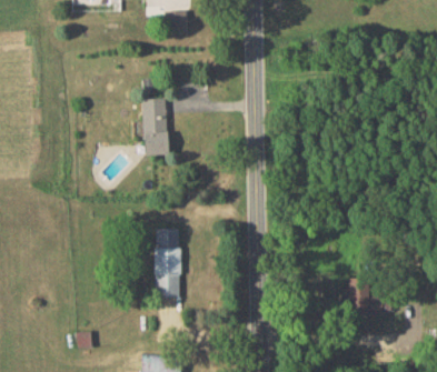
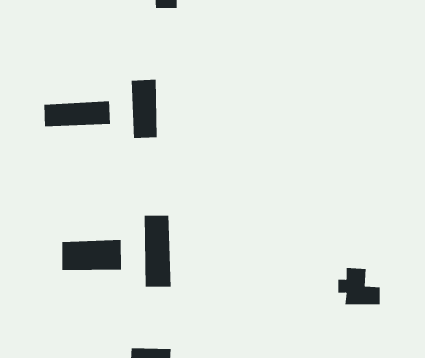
building: none -> [44,100,110,127]
building: none -> [62,239,122,271]

